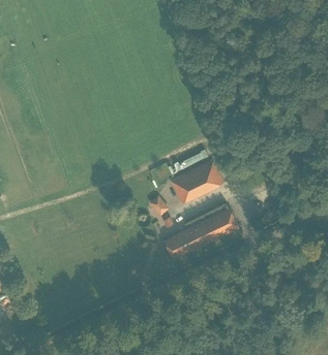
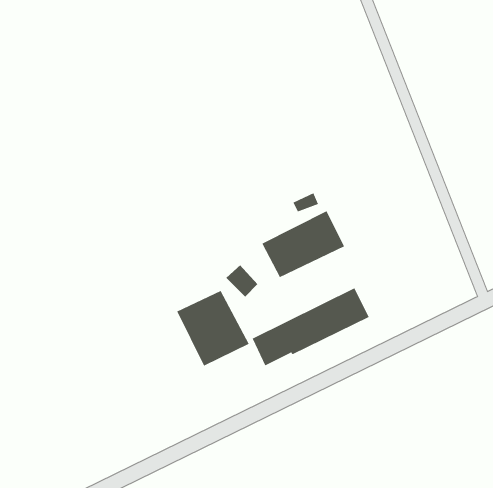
building: none -> [177,290,249,366]

